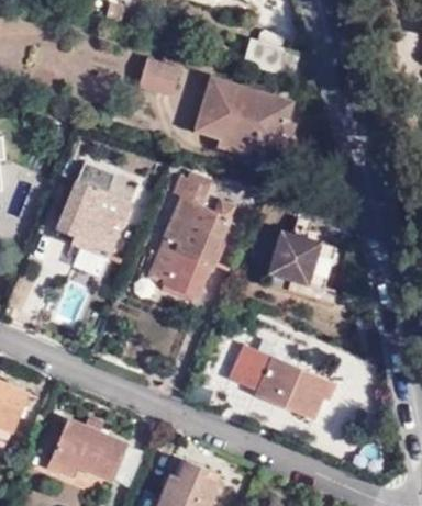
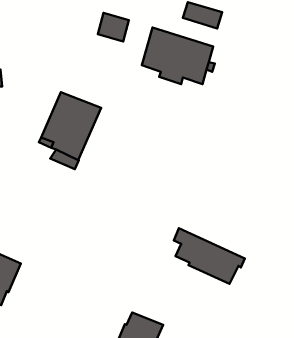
building: [147,178,229,300] -> none
building: [264,220,333,290] -> none
building: [48,414,130,477] -> none

